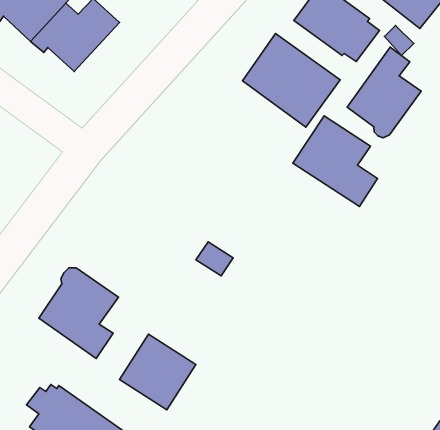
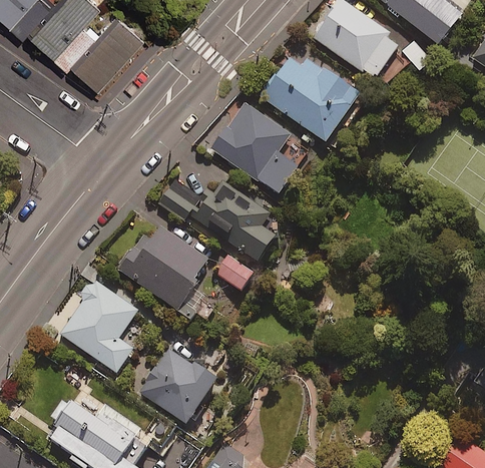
building: [347,47,421,138] -> none
building: [293,116,378,207] -> [213,103,298,193]
building: none -> [159,179,275,262]
building: none -> [119,222,215,321]

